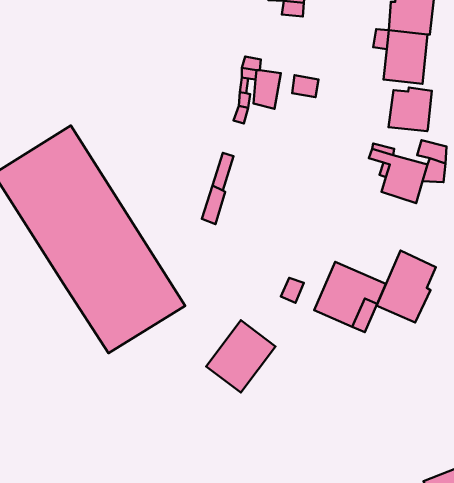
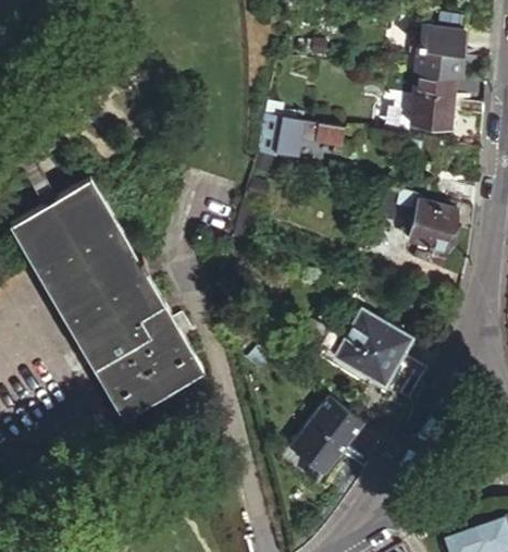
building: [389,88,432,131] -> none
building: [377,250,436,322] -> none
building: [206,320,275,393] -> [290,395,362,470]

